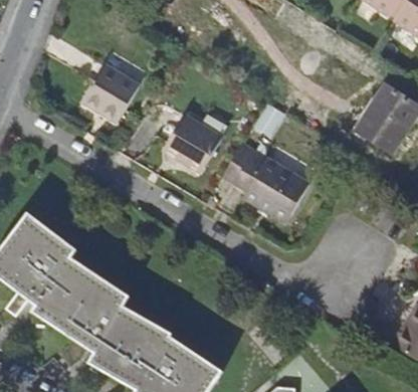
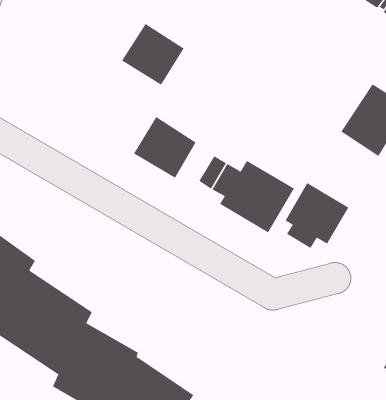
building: [82,64,141,122] -> [121,23,184,86]
building: none -> [285,182,349,249]

